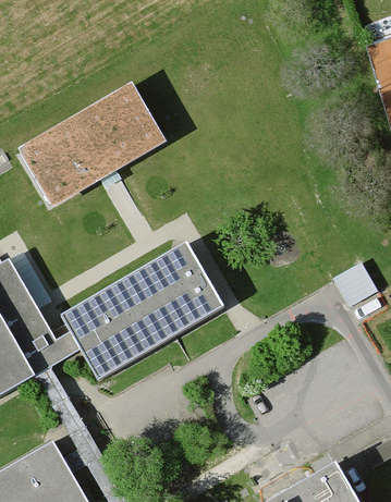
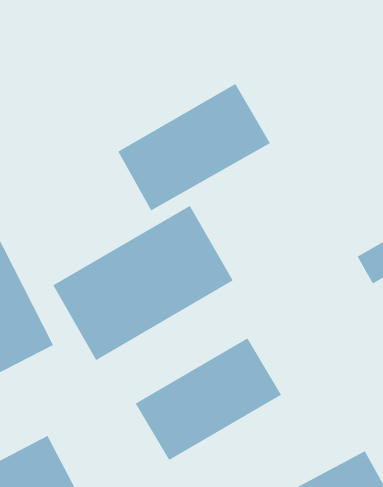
building: [22,88,161,205] -> [117,83,271,211]
building: none -> [135,338,282,461]

